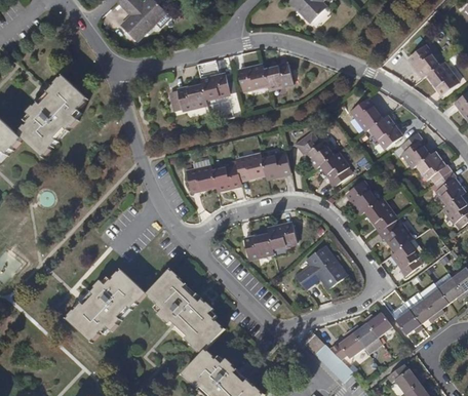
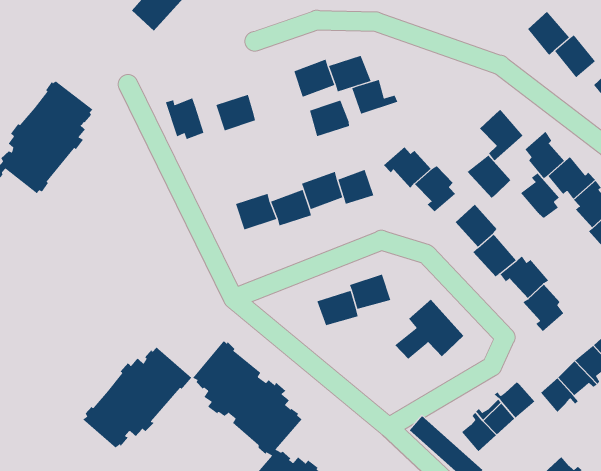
building: [201,79,230,105] -> [309,100,350,137]
building: none -> [351,79,398,114]
building: none -> [165,97,204,140]
building: [349,97,381,129] -> [467,155,511,198]
building: none -> [520,172,560,219]

